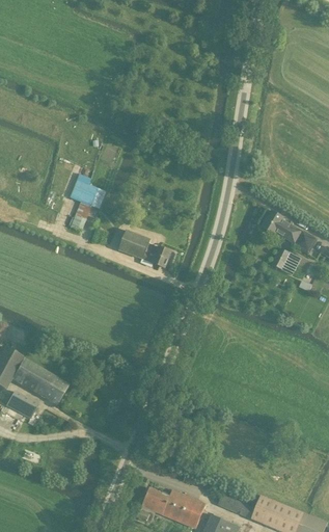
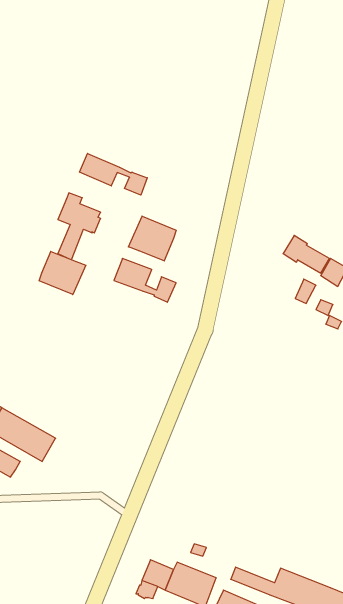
building: none -> [79,153,147,195]
building: none -> [128,216,176,261]
building: none -> [39,251,86,295]

